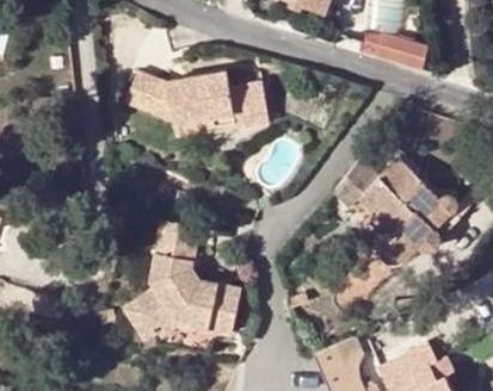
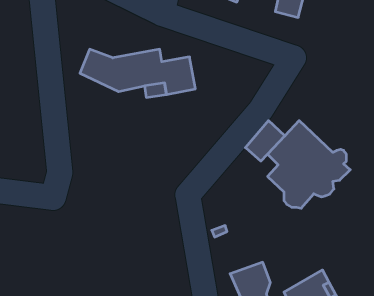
building: [358,26,423,67] -> none
building: [125,218,242,339] -> none

